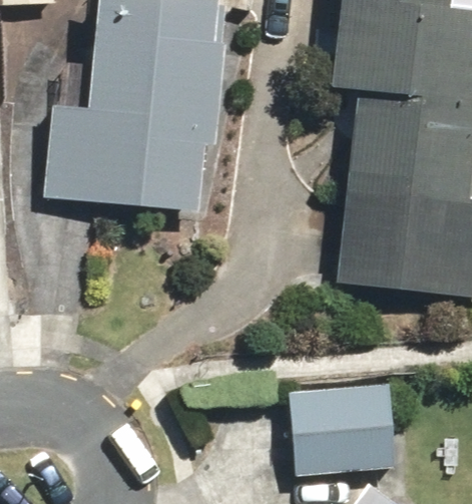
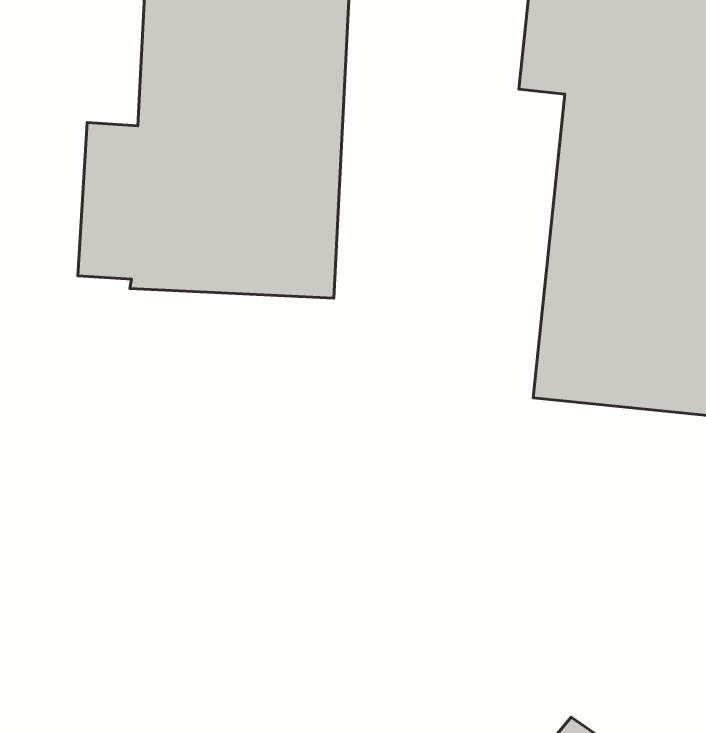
building: [288,377,395,476] -> none

